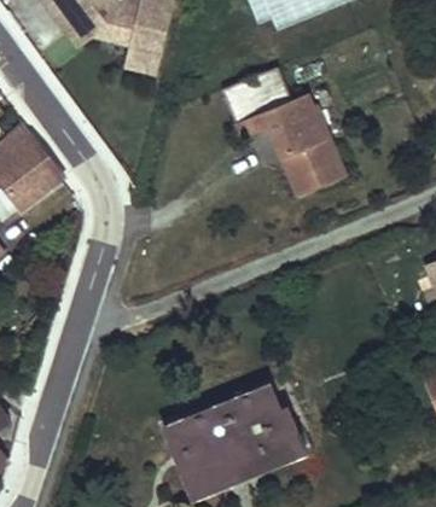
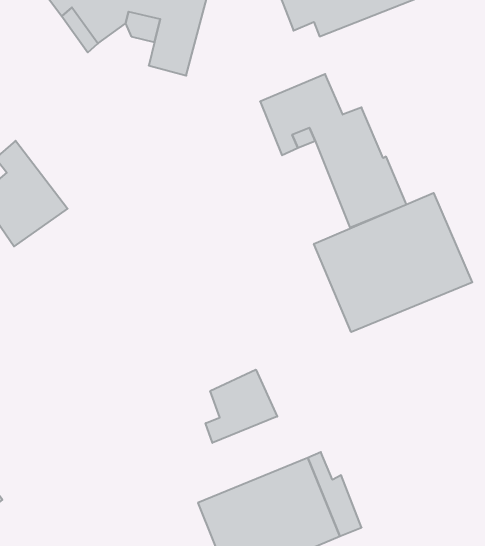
building: none -> [314,193,472,332]
building: none -> [206,370,277,443]

